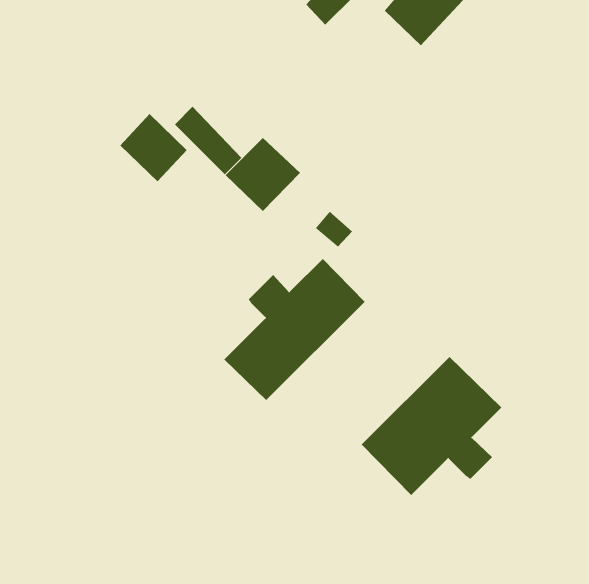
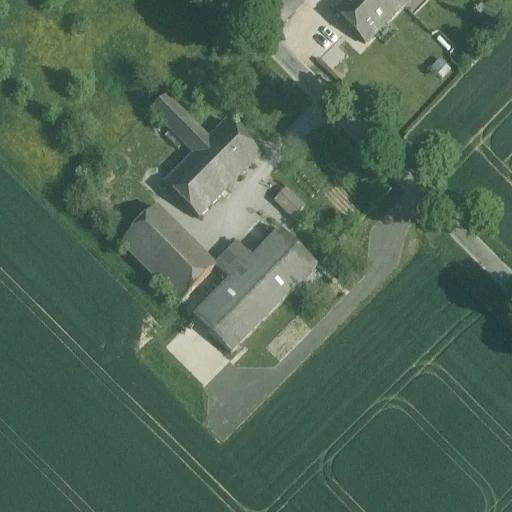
building: [119,113,187,182] -> [169,152,228,212]
building: none -> [120,204,217,300]
building: [361,356,502,496] -> none

